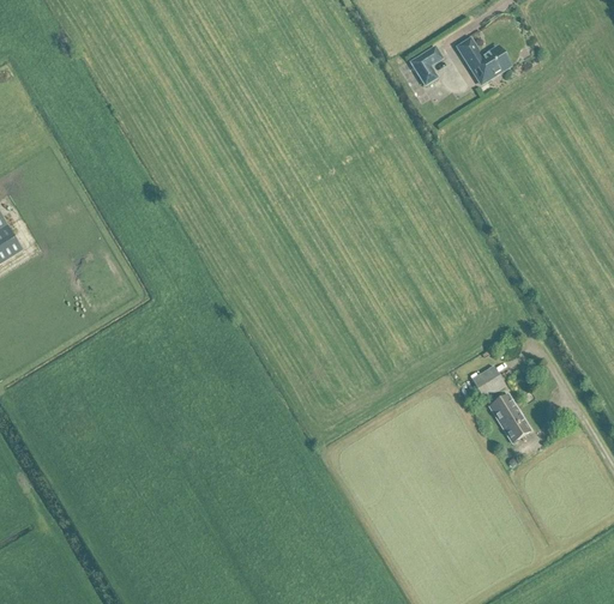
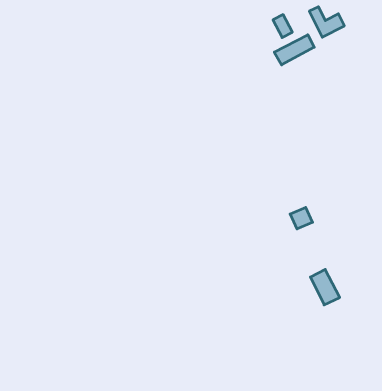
building: none -> [274,35,314,65]
building: [471,366,502,395] -> [290,207,313,229]

